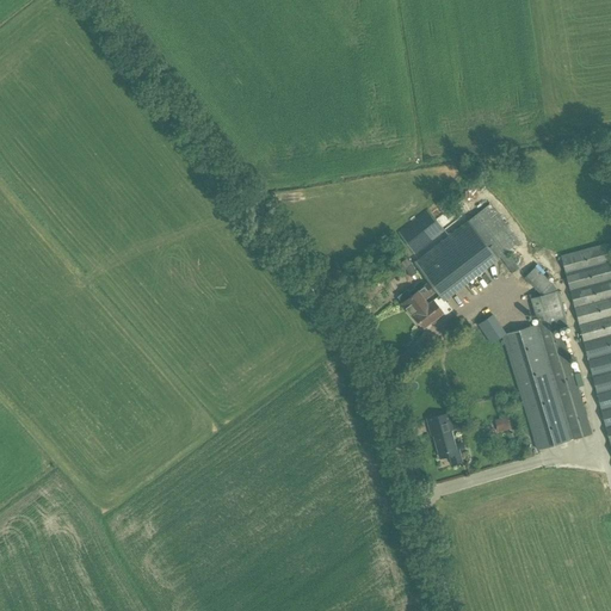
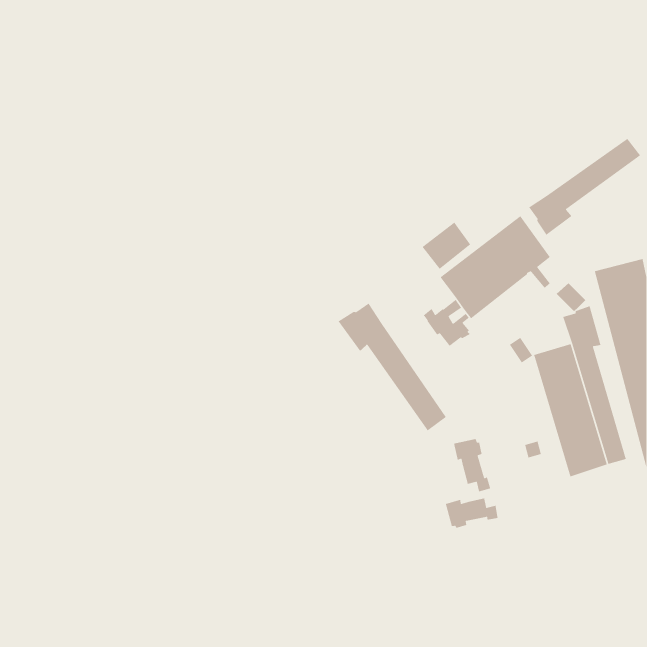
building: none -> [528,138,641,236]
building: none -> [338,302,447,431]
building: none -> [445,498,499,529]

